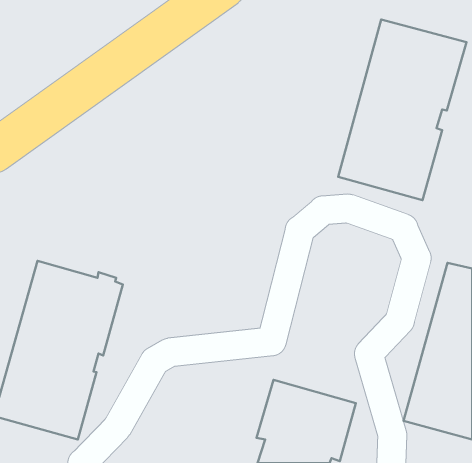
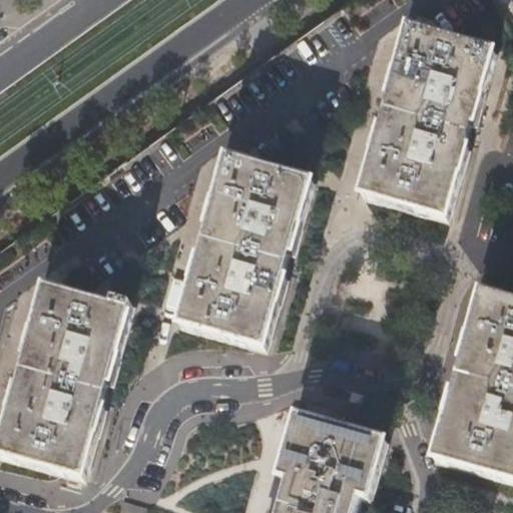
building: none -> [171,150,312,343]

